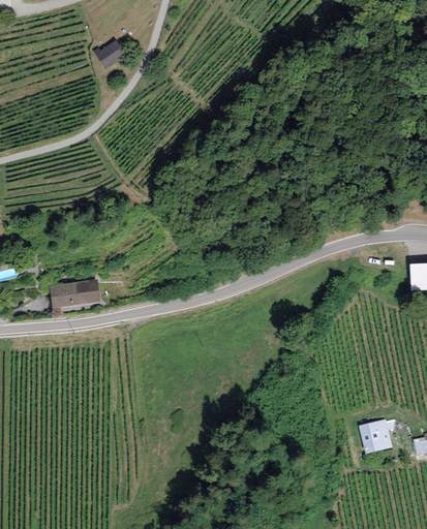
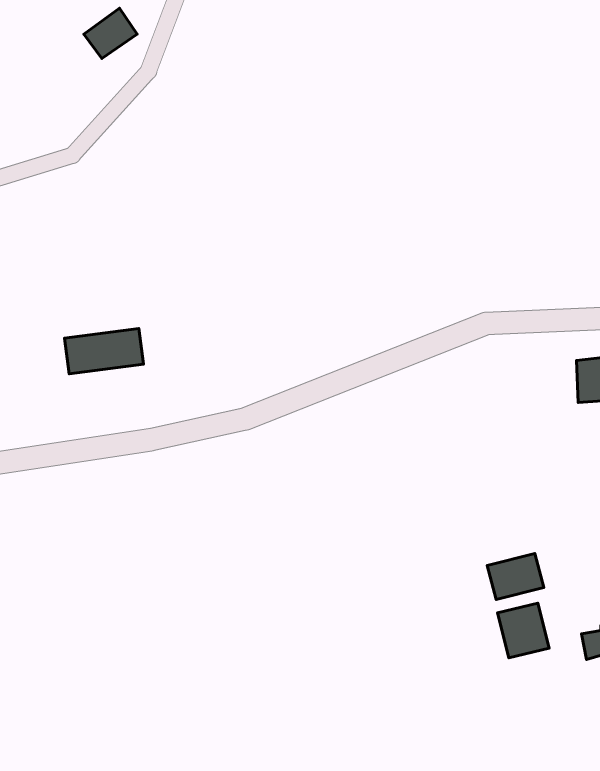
building: [49,278,99,307] -> [64,329,144,374]
building: none -> [487,554,544,599]

